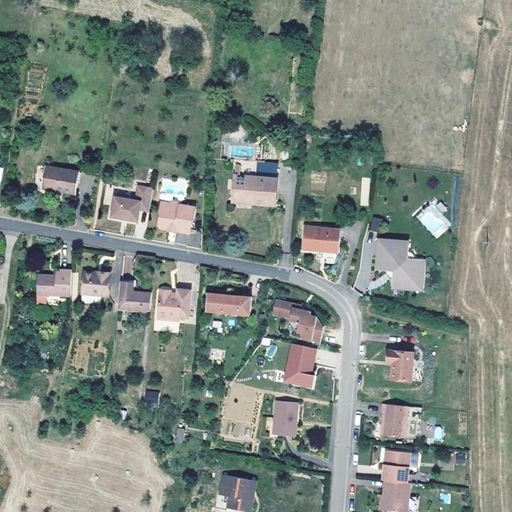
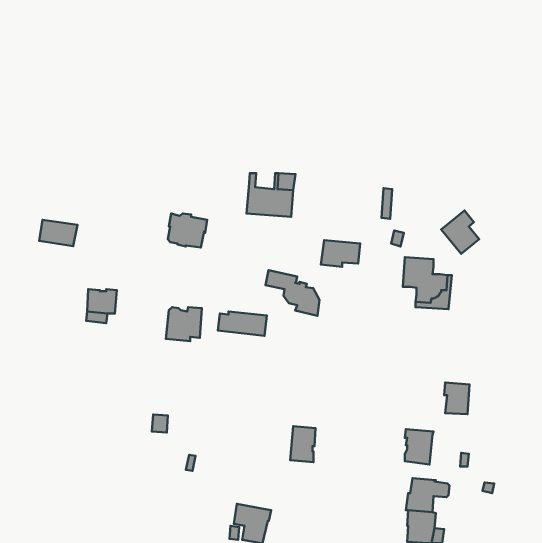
building: [42,167,78,192] -> [39,220,77,246]
building: [110,185,152,222] -> none
building: [37,275,71,299] -> none
building: [118,282,151,311] -> none
building: [272,299,323,342] -> [265,270,320,316]
building: [285,343,316,387] -> none
building: [389,350,413,380] -> [444,382,470,414]

